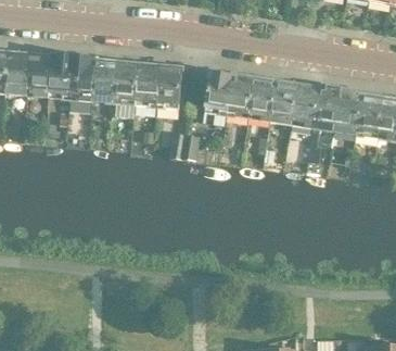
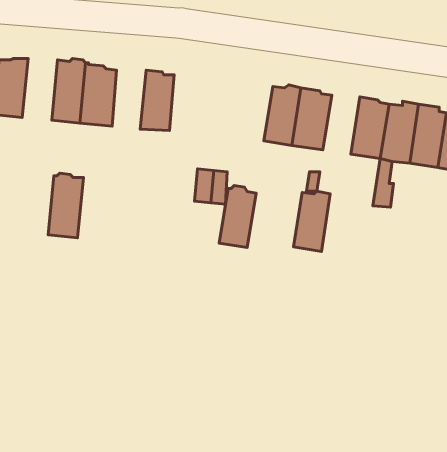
building: [47,50,73,98] -> [48,173,83,238]
building: [113,60,138,104] -> none
building: [155,63,182,108] -> none
building: [204,67,231,113] -> [219,186,256,248]
building: [268,78,295,123] -> [293,191,330,251]

